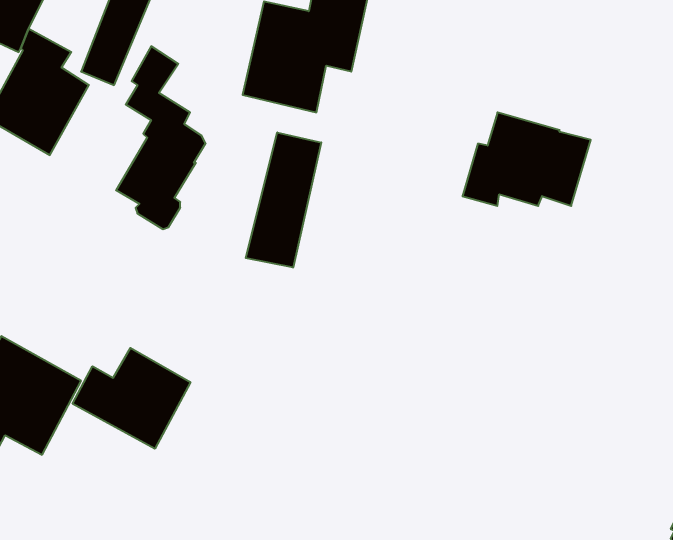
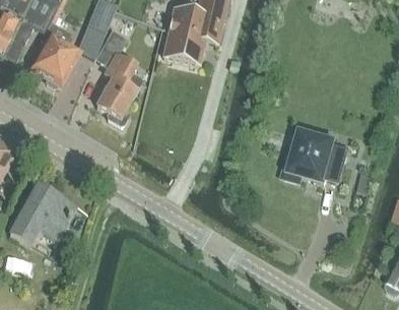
building: [462,112,591,206] -> [282,132,349,181]
building: [246,132,321,268] -> none
building: [73,348,190,449] -> none

